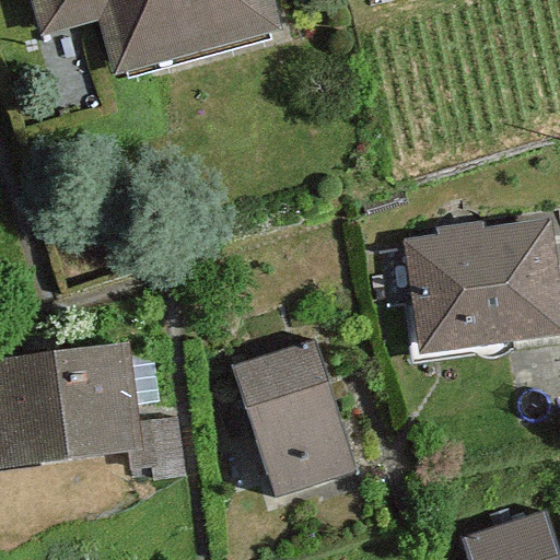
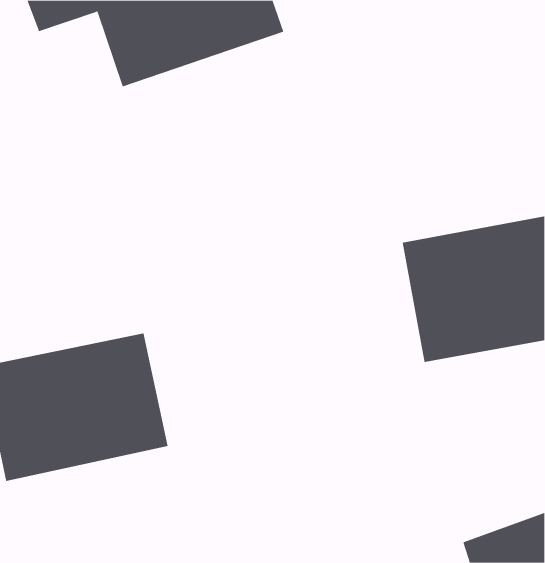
building: [232,334,368,499] -> none

